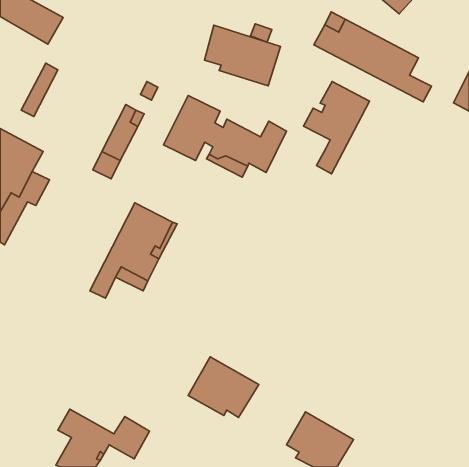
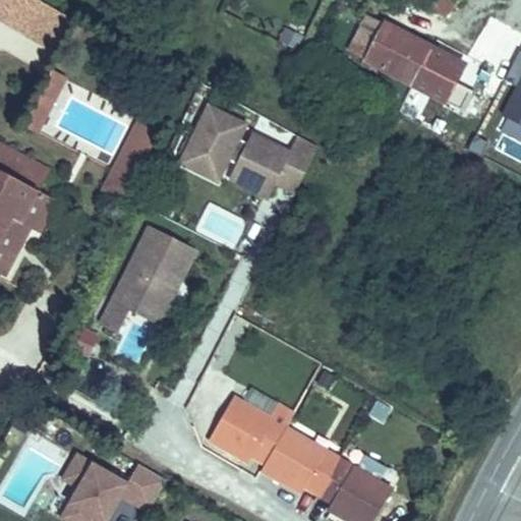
building: [205,25,280,86] -> none
building: [304,82,369,174] -> none
building: none -> [262,426,339,494]

